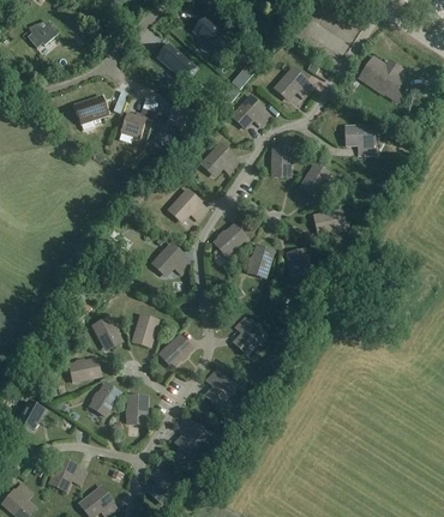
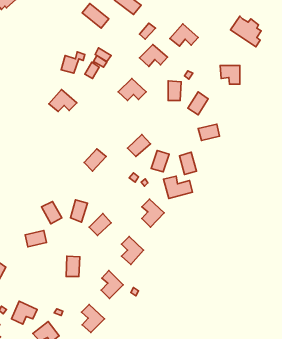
building: [73,91,108,121] -> none
building: [168,190,208,221] -> [49,89,77,111]
building: none -> [164,176,192,198]
building: [90,383,120,416] -> none

